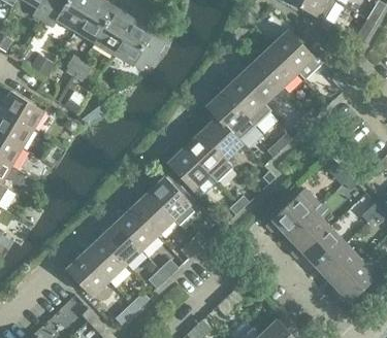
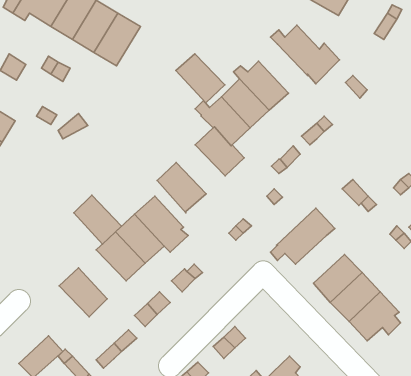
building: [255,46,297,89] -> [176,54,225,103]
building: [184,133,226,175] -> none
building: [287,211,329,260] -> none
building: [99,224,140,266] -> [74,195,122,244]
building: [65,255,108,300] -> none

